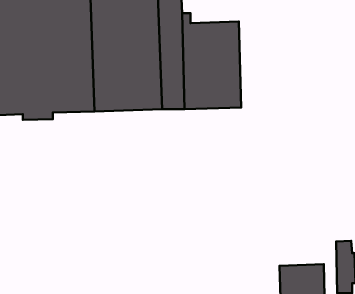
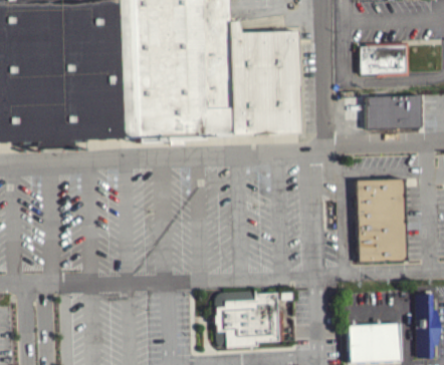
building: none -> [360,44,407,74]
building: none -> [365,95,421,127]
building: none -> [355,178,408,261]
building: none -> [216,290,280,347]

